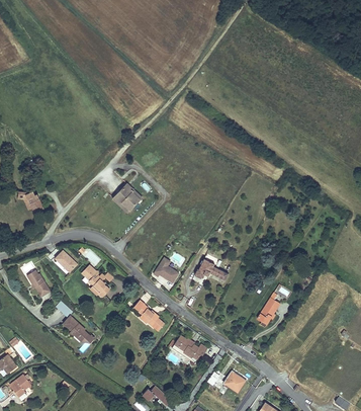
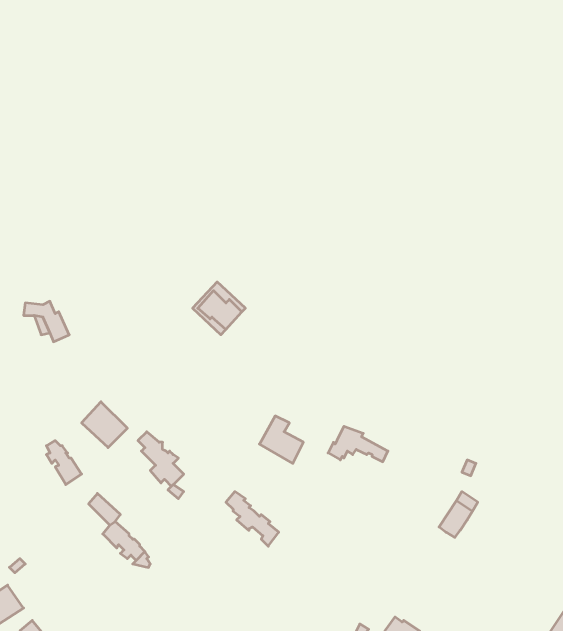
building: [172,335,207,362] -> none

